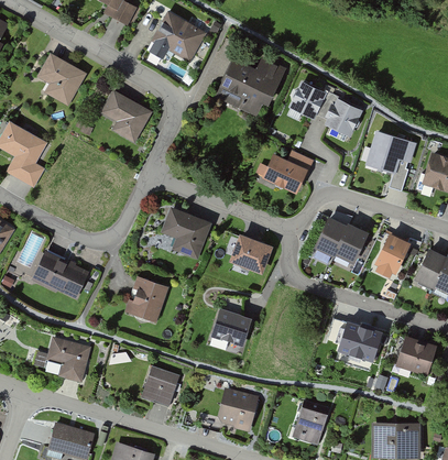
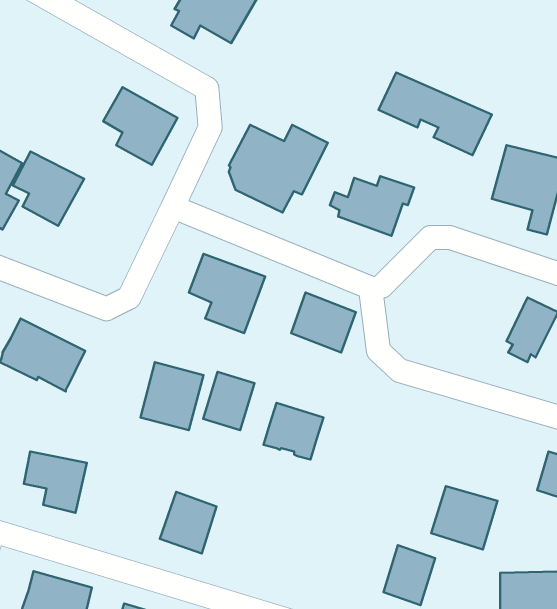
building: [37,55,86,106] -> [13,151,84,226]
building: [218,55,285,114] -> [229,125,328,212]
building: [314,219,370,263] -> none
building: none -> [203,372,254,430]
building: [336,319,381,362] -> [431,486,498,549]
building: [215,387,259,430] -> none

